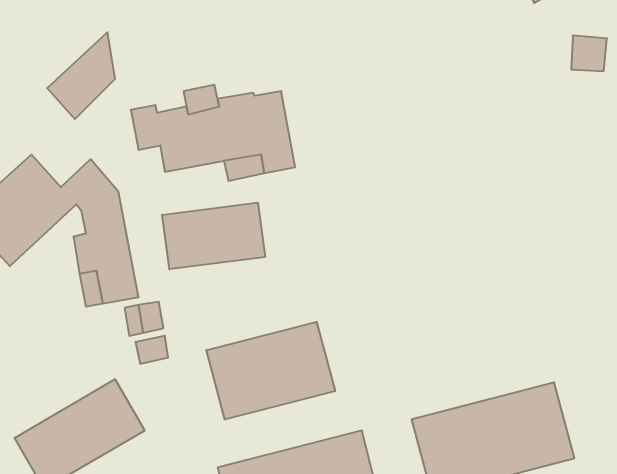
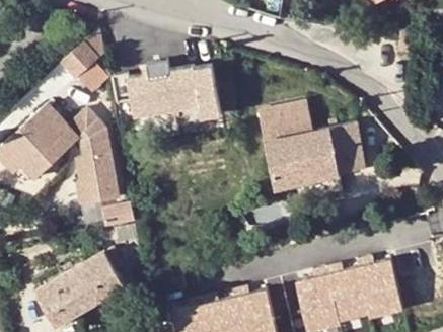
building: none -> [265,108,365,200]
building: [162,203,265,269] -> none
building: [206,322,335,420] -> none

